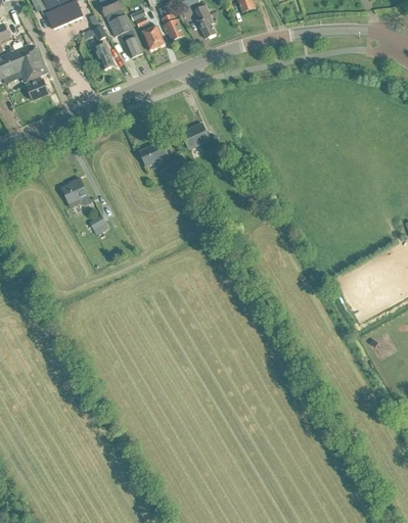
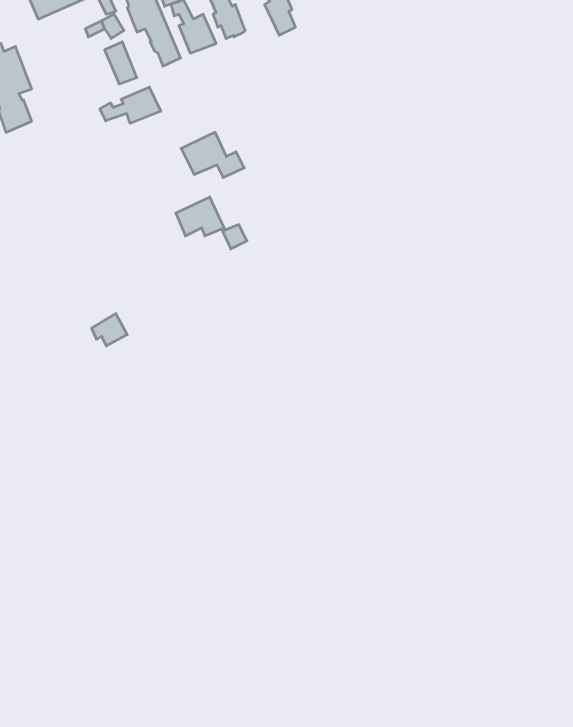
building: none -> [100,87,161,123]
building: [180,123,220,151] -> [181,132,244,178]
building: [61,178,90,207] -> none

